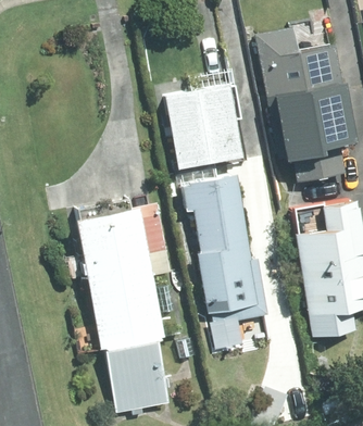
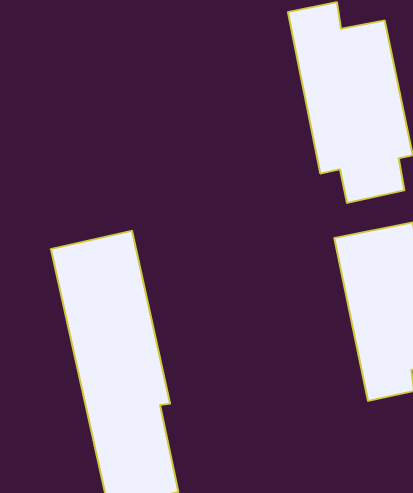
building: [163,46,240,167] -> none
building: [184,172,273,329] -> none

